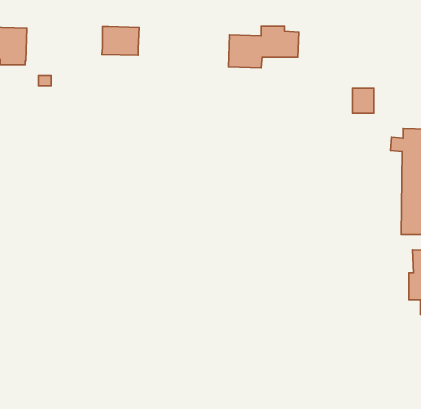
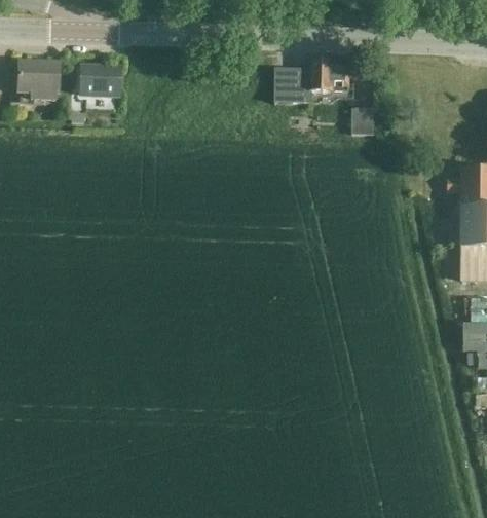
building: [102,26,139,55] -> [81,65,121,96]
building: [352,88,374,113] -> [352,107,375,134]

